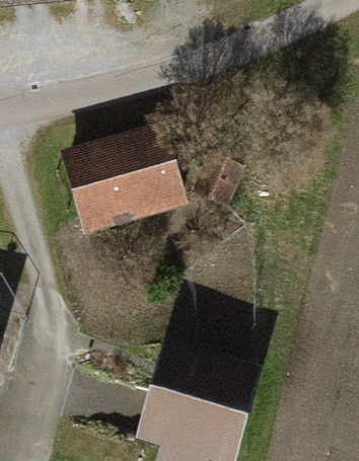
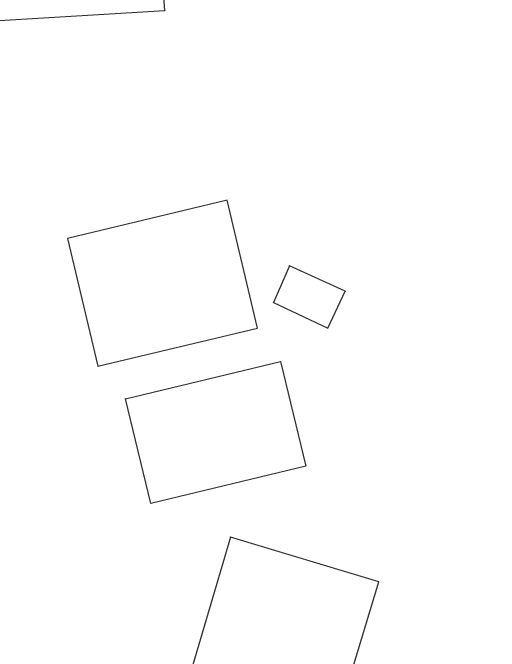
building: none -> [125,362,306,503]

